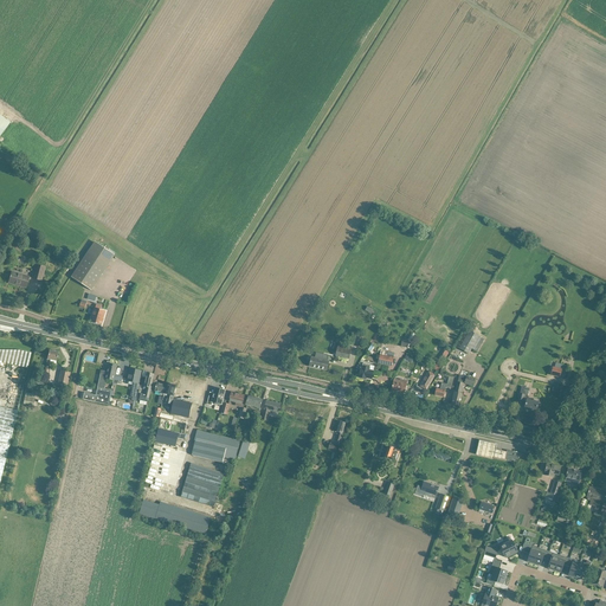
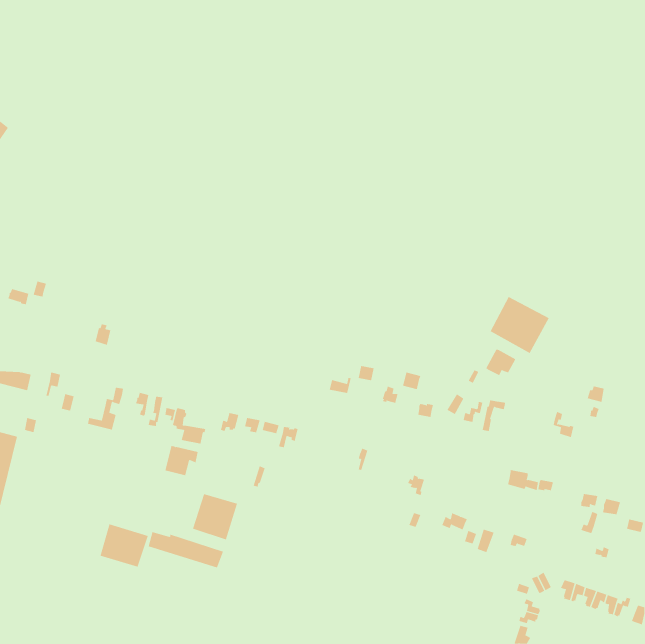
building: [70,240,114,288] -> none
building: none -> [490,296,550,354]
building: [191,428,238,460] -> none
building: none -> [100,523,148,568]

